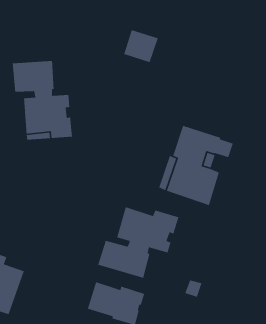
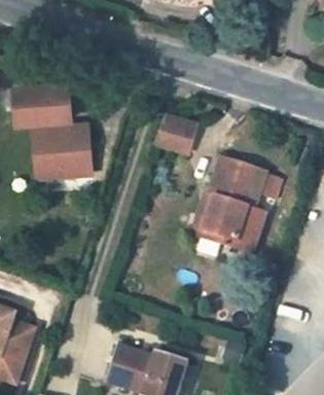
building: [123,29,159,63] -> [154,113,196,153]
building: [97,206,179,279] -> none

